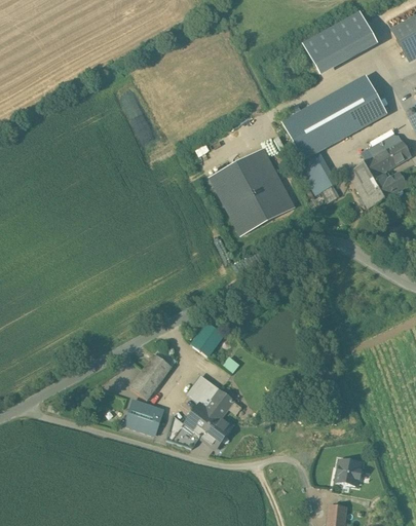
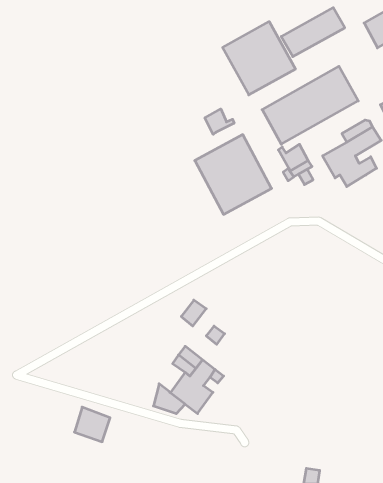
building: none -> [223,22,295,95]
building: none -> [205,109,234,134]
building: [130,353,172,400] -> none
building: [125,399,163,436] -> [74,407,110,442]
building: [336,459,362,486] -> none

